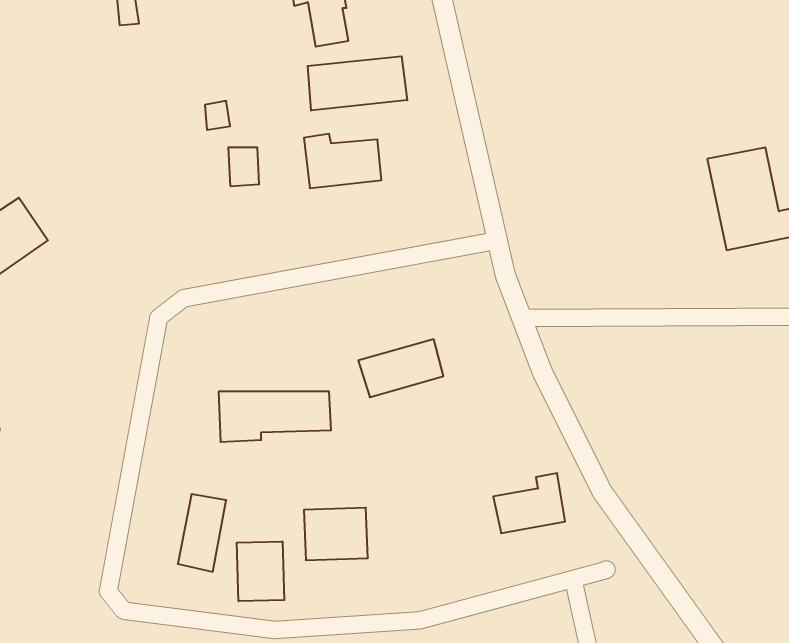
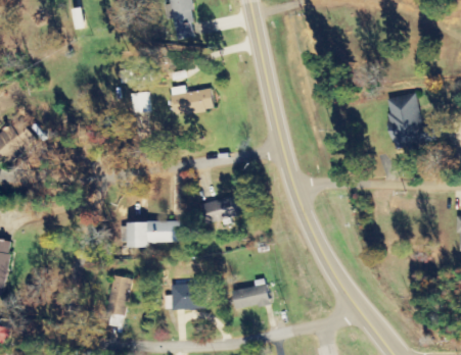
building: [308,56,407,111] -> none
building: [493,473,565,533] -> [231,278,269,310]
building: [237,541,284,601] -> none

